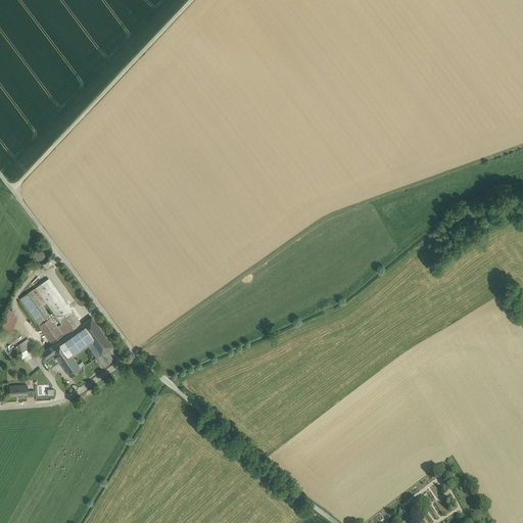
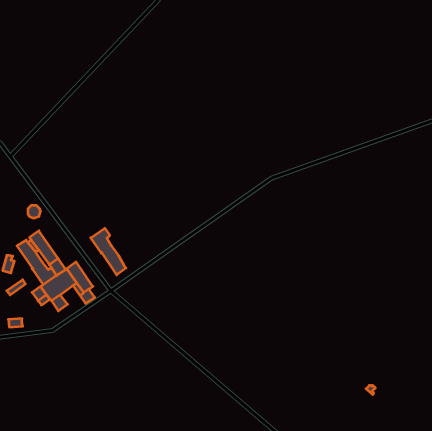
building: none -> [91,228,126,275]

